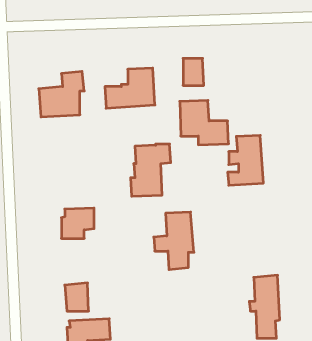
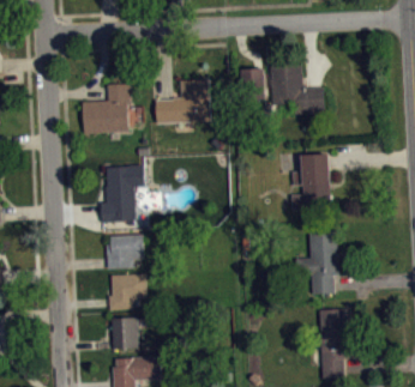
building: [180,100,229,145] -> [270,65,324,114]
building: [131,144,171,196] -> [101,165,145,223]
building: [154,212,194,270] -> [295,231,339,295]
building: none -> [108,273,146,310]

